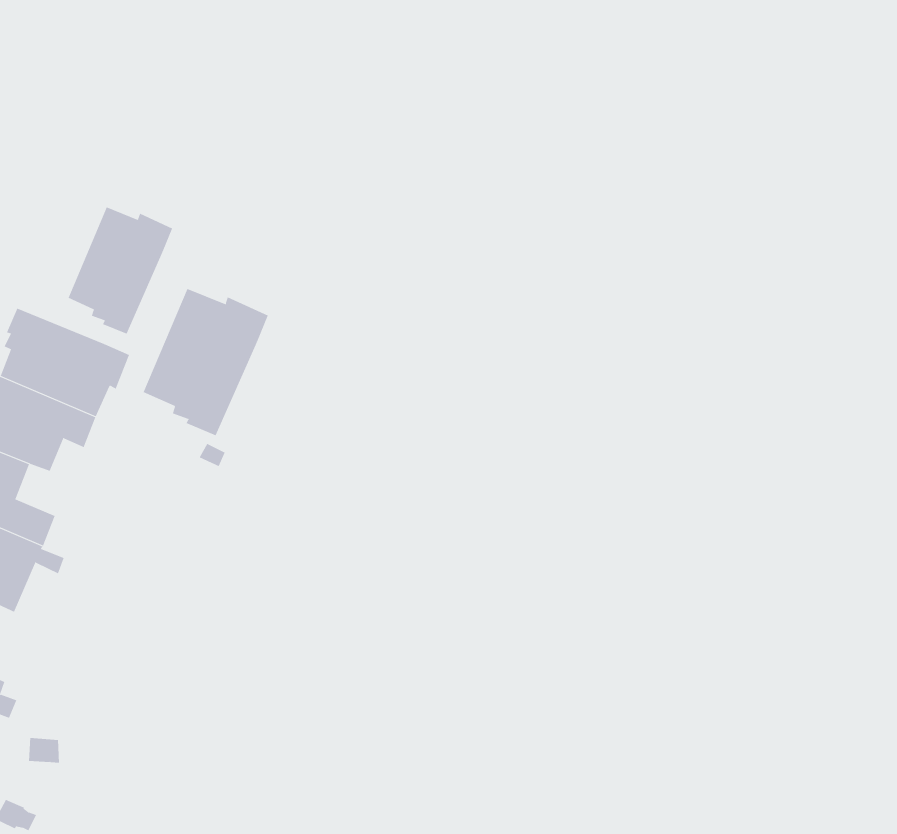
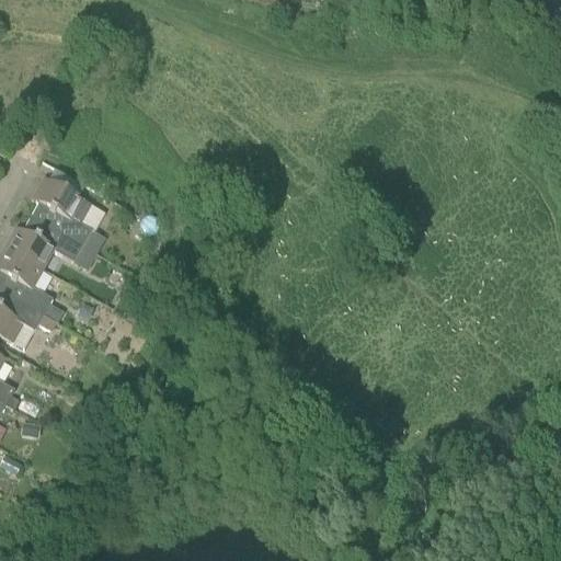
building: [68,207,173,335] -> none
building: [143,288,269,436] -> none

